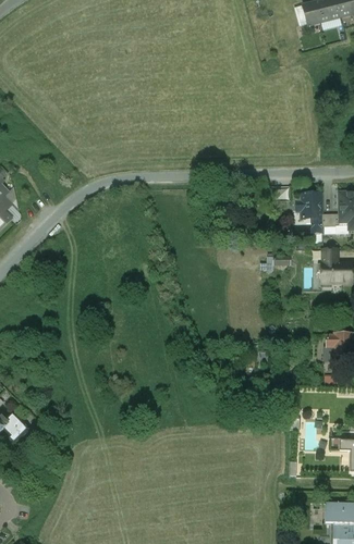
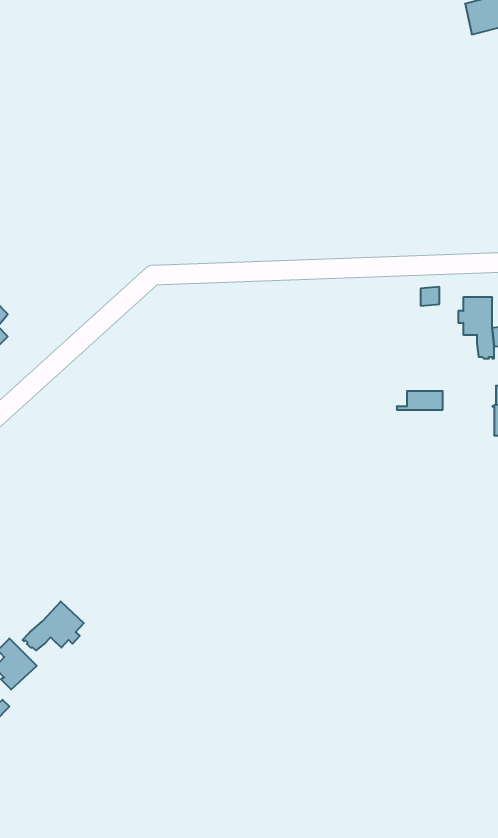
building: none -> [23,601,84,650]

